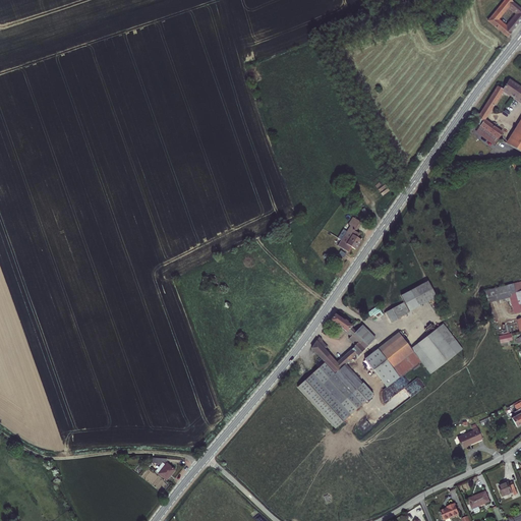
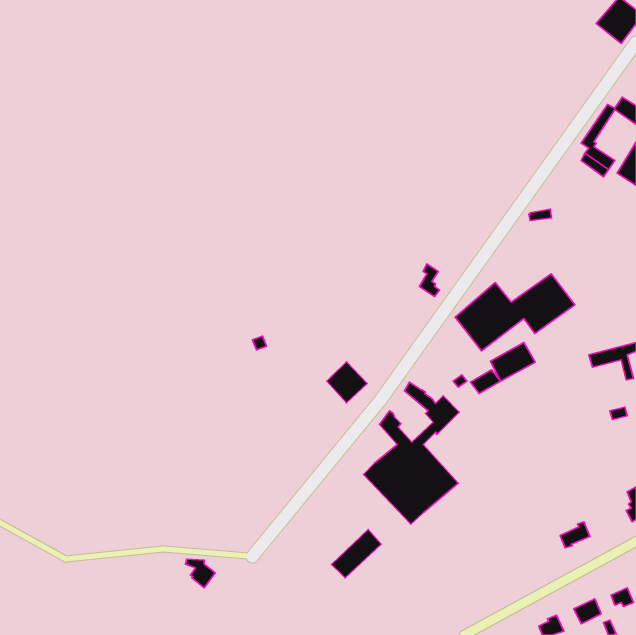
building: none -> [327,362,367,403]
building: [365,324,463,387] -> [455,274,575,351]
building: none -> [331,530,381,578]

